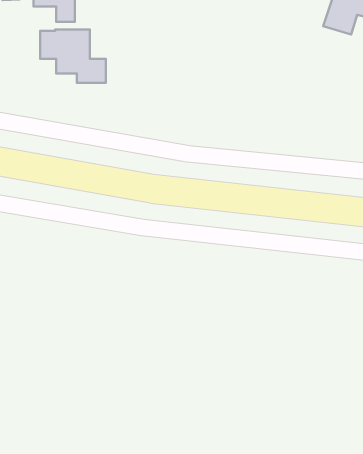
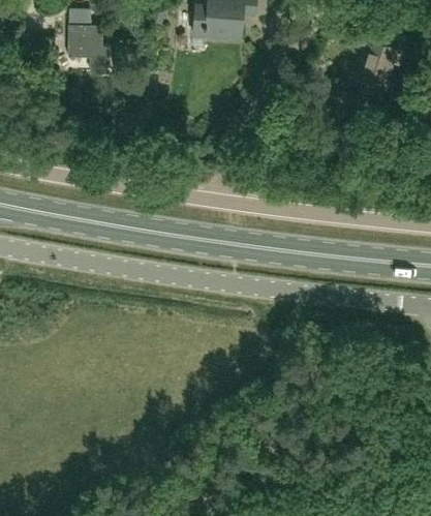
building: [40,29,106,83] -> none

